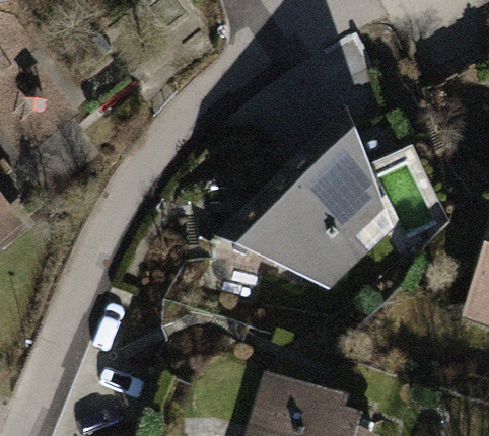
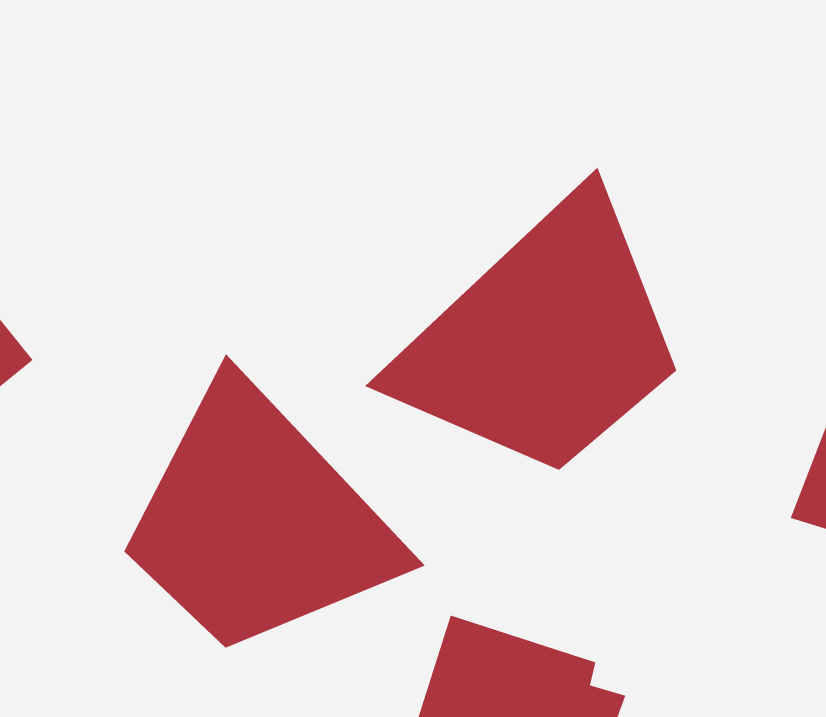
building: none -> [124,353,426,649]

